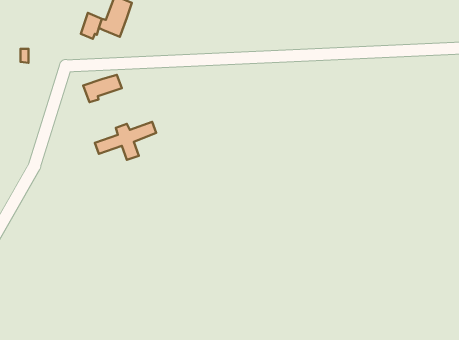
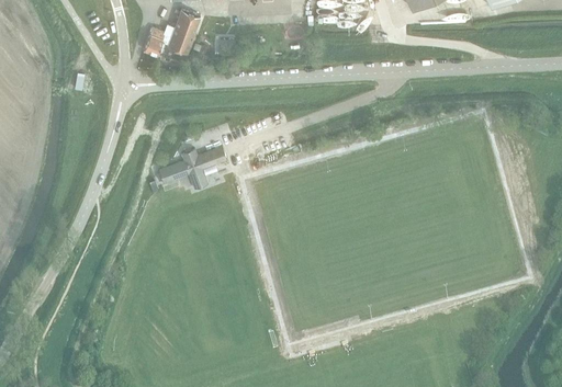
building: [83,75,122,102] -> none

